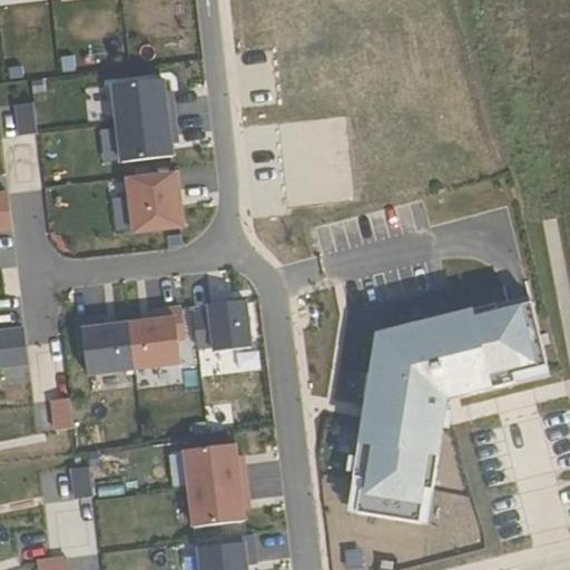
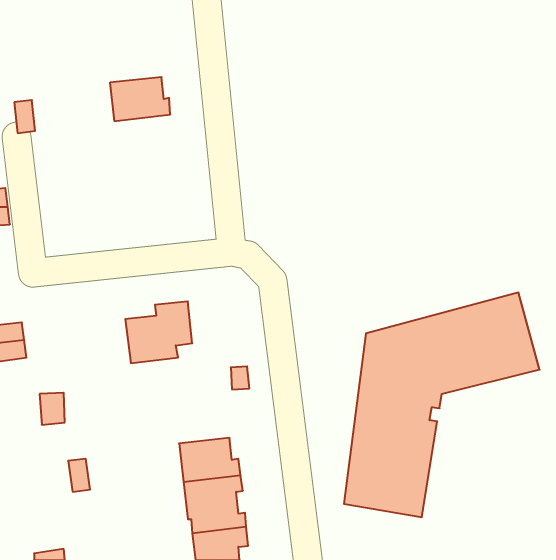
building: [116,116,175,161] -> none
building: [125,170,181,232] -> none
building: [190,299,249,351] -> none
building: [72,316,132,373] -> none

